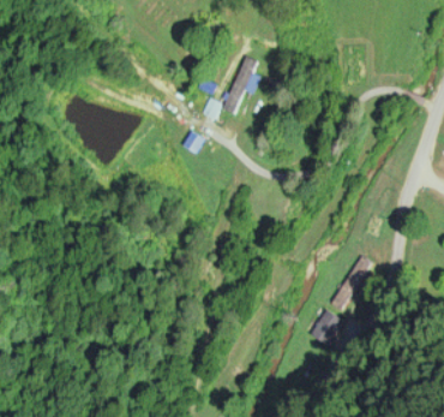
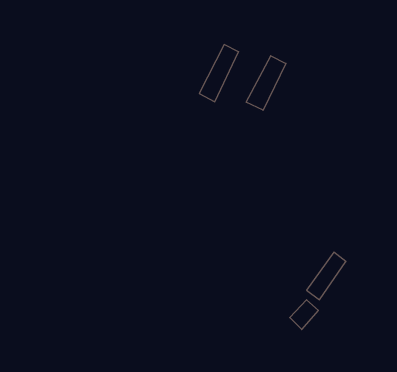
building: none -> [246,56,286,110]

